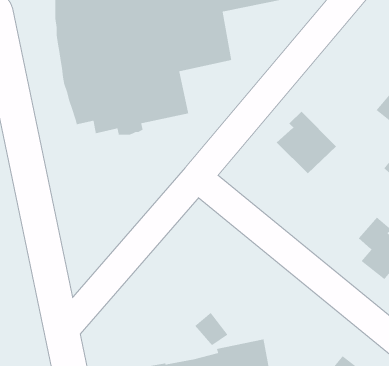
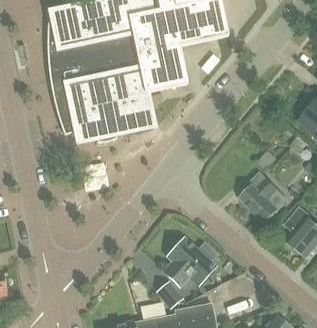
building: [276,111,337,174] -> [239,172,287,222]
building: none -> [162,237,214,285]

